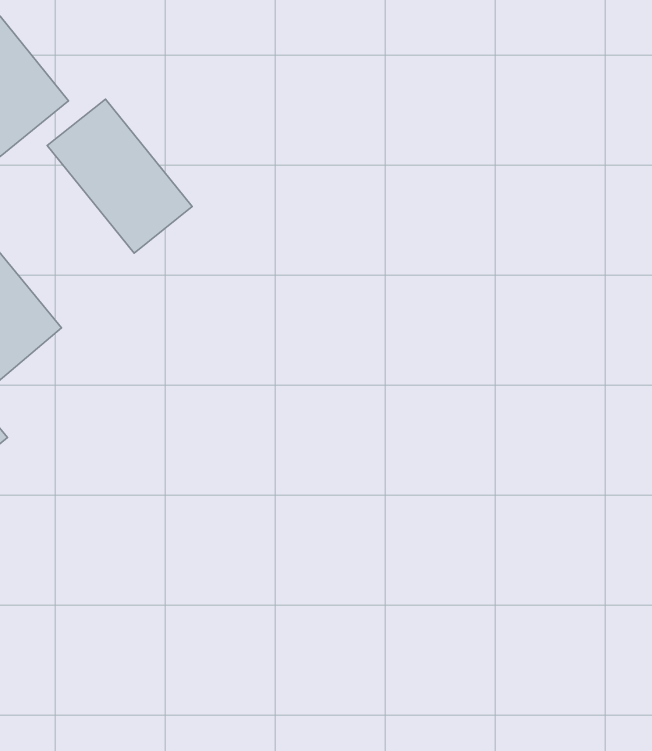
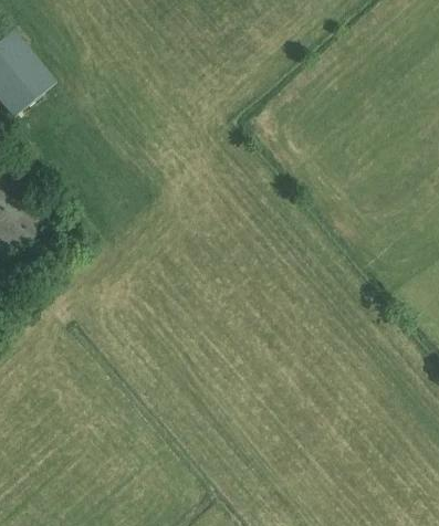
building: [47,99,192,253] -> none

